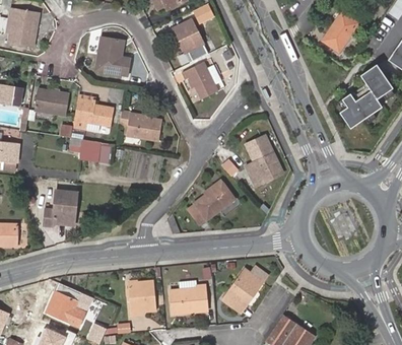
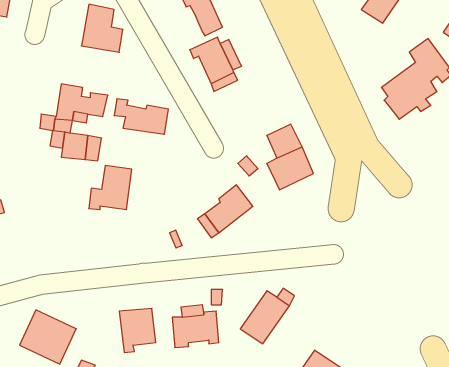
building: [36,88,71,116] -> none
building: [43,190,77,225] -> [89,165,132,210]

